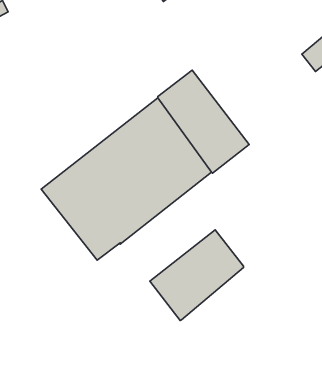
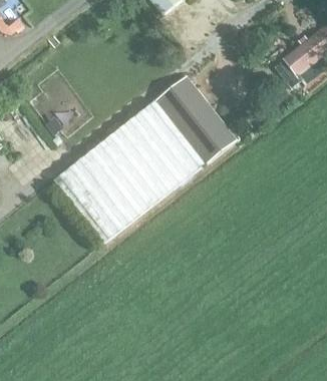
building: [150,230,244,320] -> none

